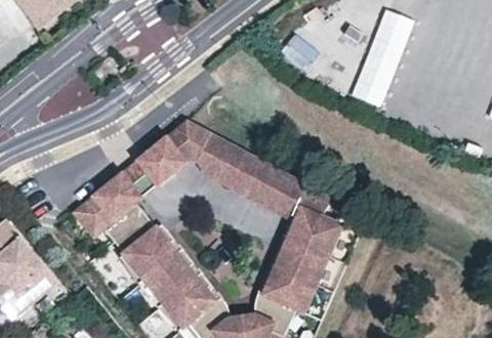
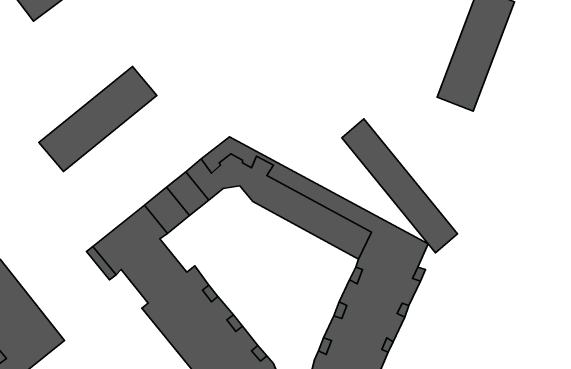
building: none -> [39,67,157,172]
building: none -> [342,119,458,253]

